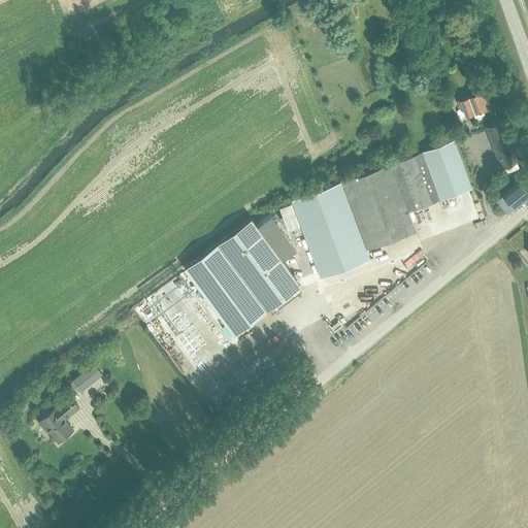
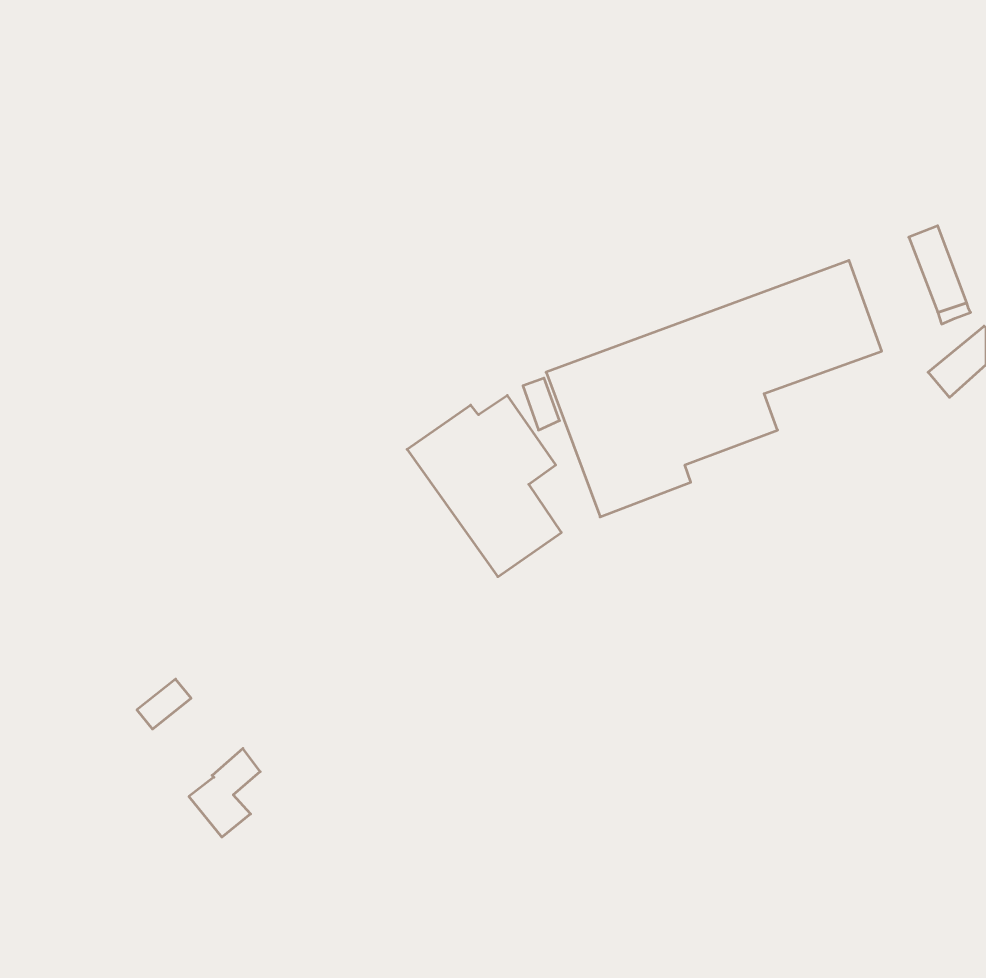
building: [458,95,486,121] -> none
building: [186,244,266,335] -> none
building: [40,398,78,446] -> [189,748,260,837]

